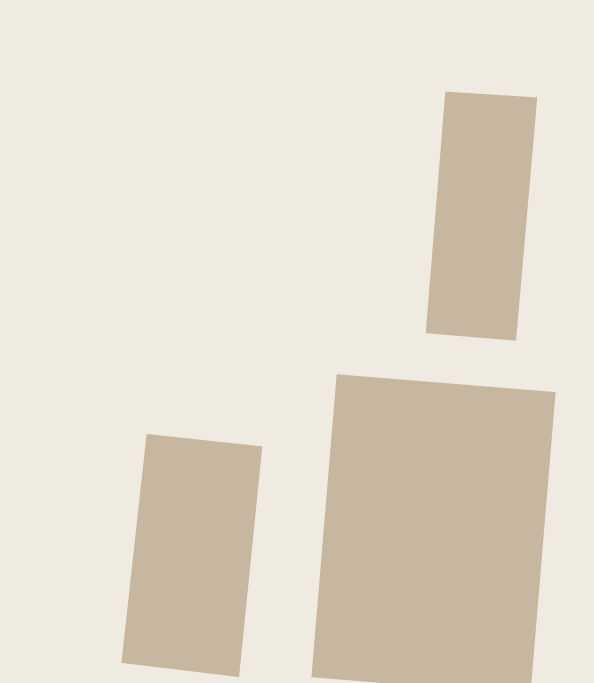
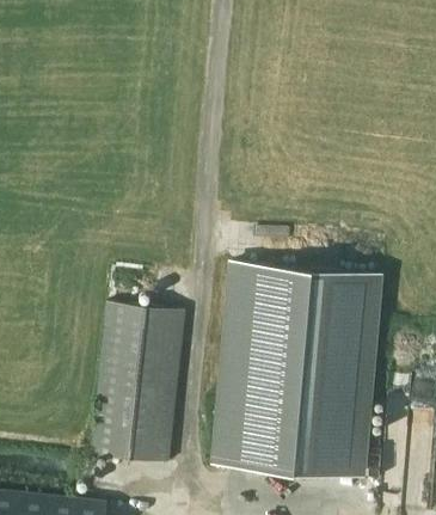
building: [425,91,538,342] -> none

